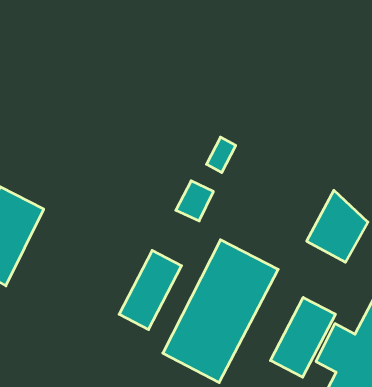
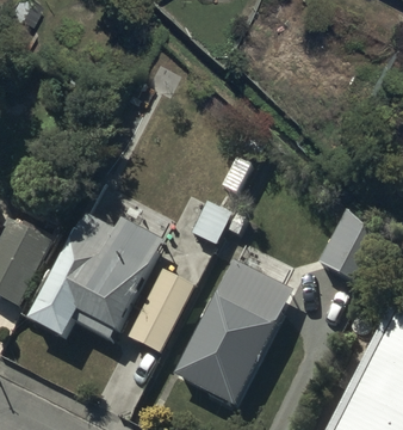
building: none -> [29,208,163,336]
building: [270,297,335,377] -> none

